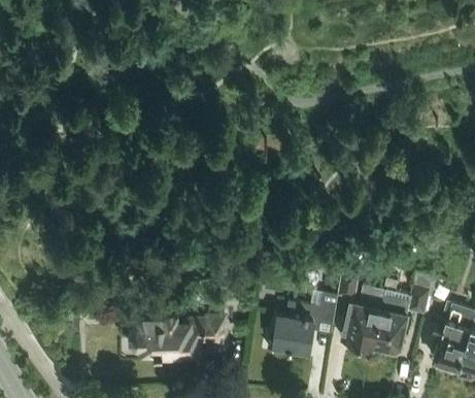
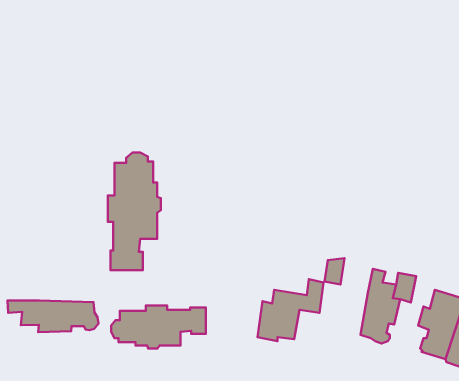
building: none -> [108,152,161,270]
building: [341,297,381,346] -> none
building: none -> [8,300,98,332]

